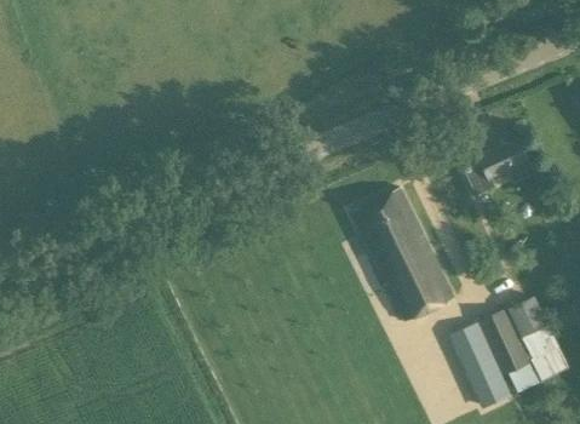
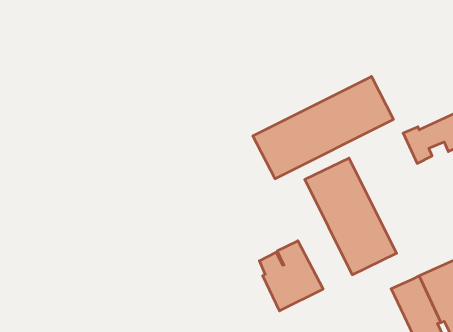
building: none -> [253,76,393,179]
building: none -> [259,241,323,311]

